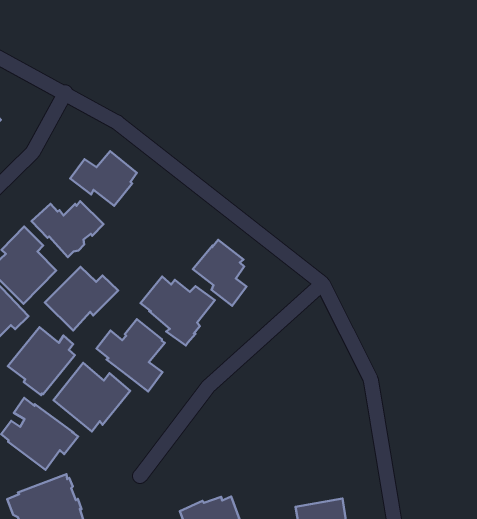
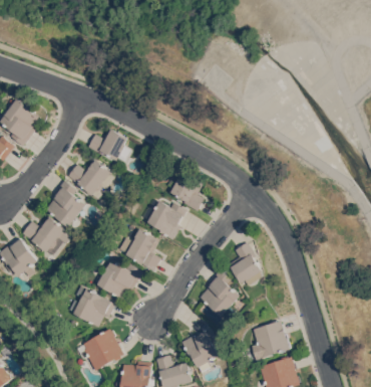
building: [45,267,118,330] -> none
building: [8,327,75,395] -> none
building: none -> [229,241,263,285]
building: none -> [200,268,241,317]

